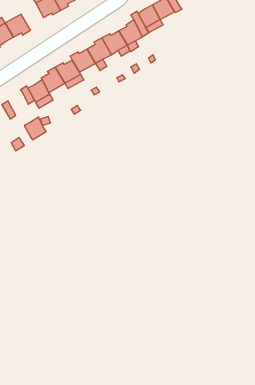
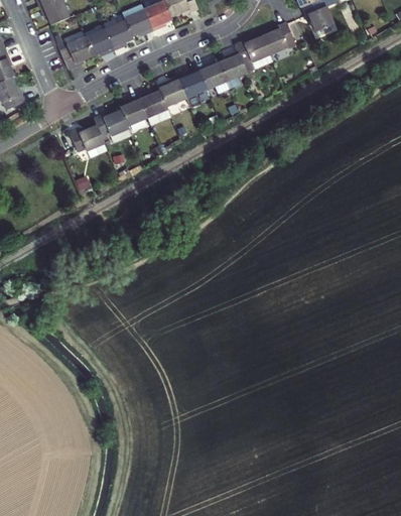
building: none -> [106,19,134,48]
building: [24,117,46,140] -> [80,124,105,150]

